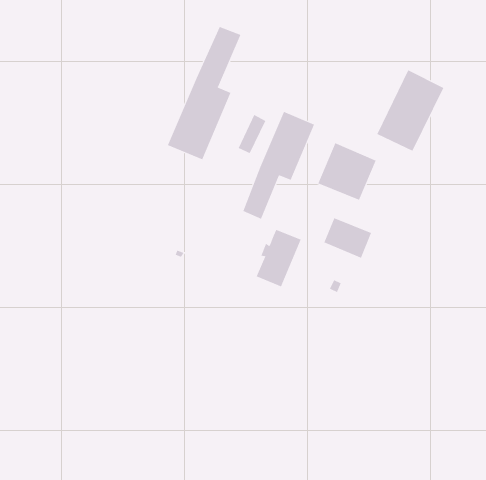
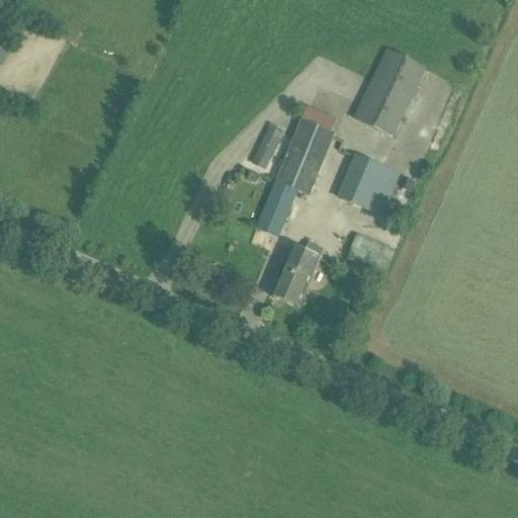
building: [167,26,241,160] -> none
building: [377,70,444,151] -> [354,47,426,134]

